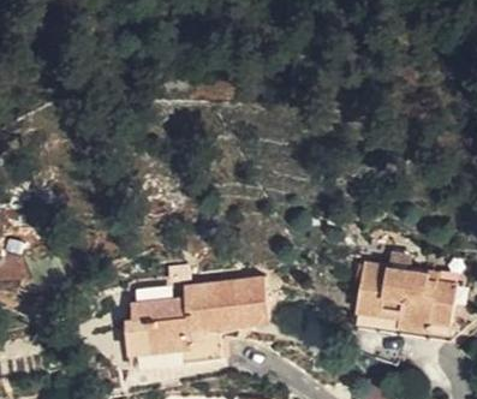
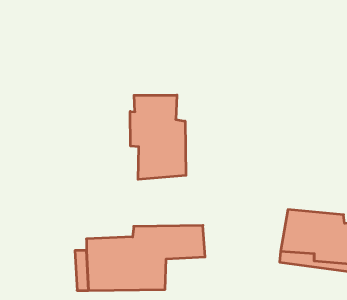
building: none -> [130,95,186,179]

